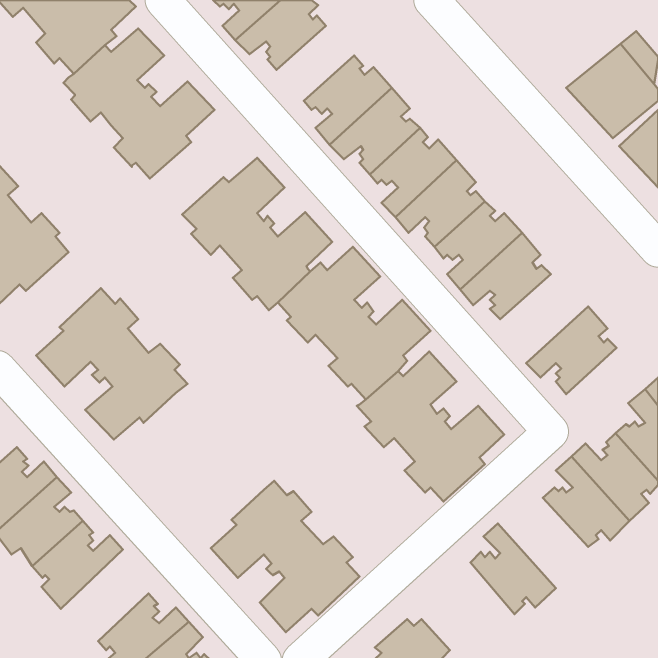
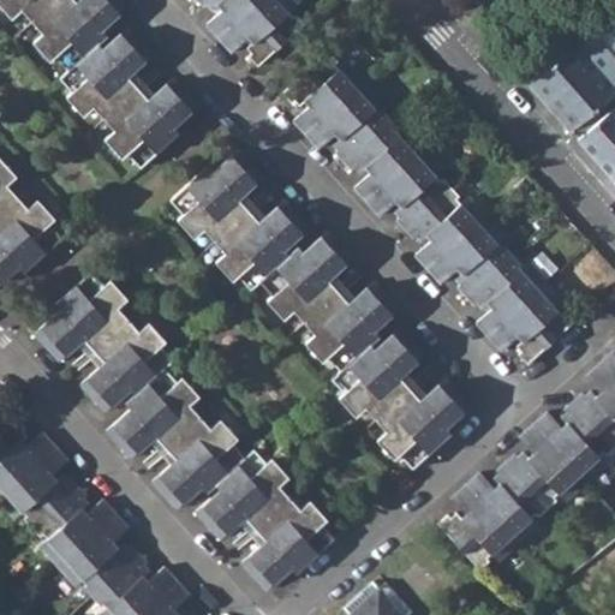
building: none -> [465,257,547,340]
building: none -> [105,368,245,509]
building: none -> [462,465,547,549]
building: none -> [56,513,138,598]

